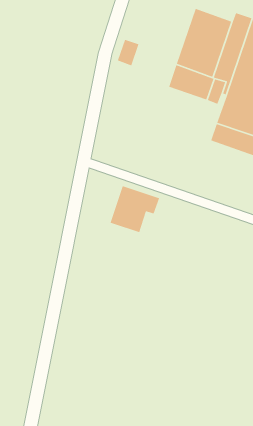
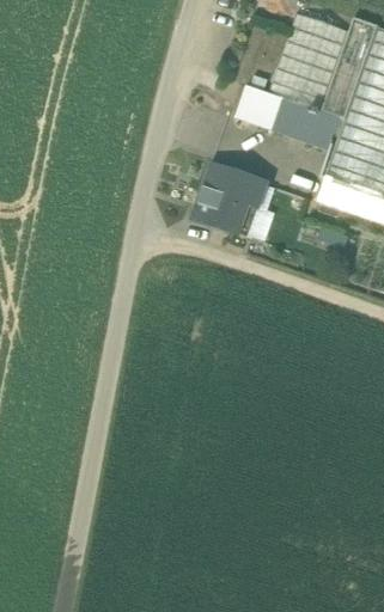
building: [117,39,140,67] -> [236,85,268,124]
building: [109,185,160,233] -> [194,165,266,233]

